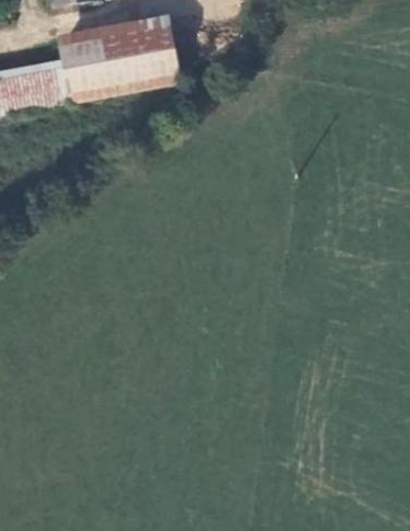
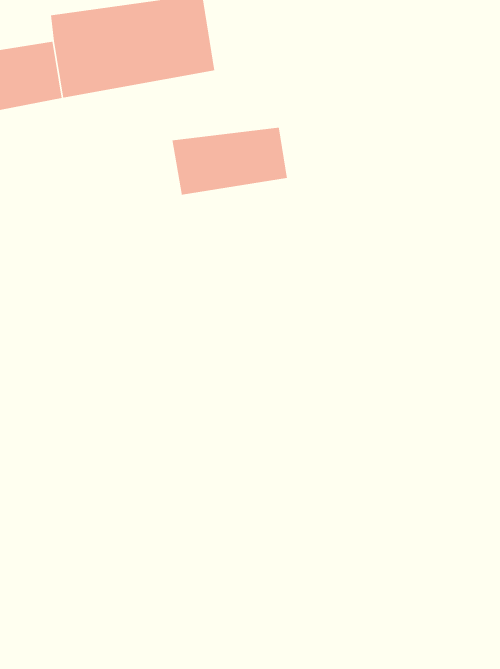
building: none -> [172,127,287,196]

